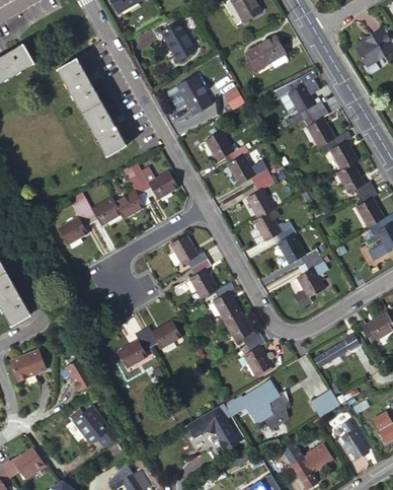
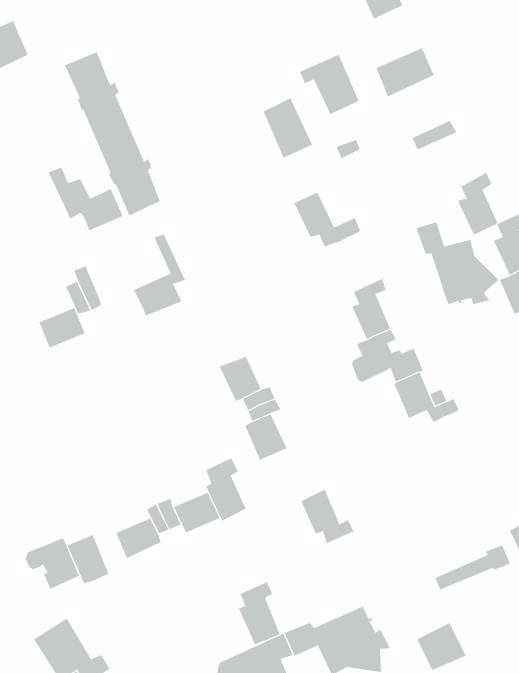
building: [157,22,195,60] -> [299,54,360,115]
building: [287,86,321,119] -> none
building: none -> [416,221,499,305]
building: [227,156,264,190] -> none
building: [129,161,177,199] -> [48,167,124,231]
building: [93,197,121,223] -> none
building: [294,256,323,307] -> none
building: [215,281,242,321] -> [205,457,246,521]
building: [246,336,273,375] -> [238,582,280,645]
building: none -> [67,534,109,584]

